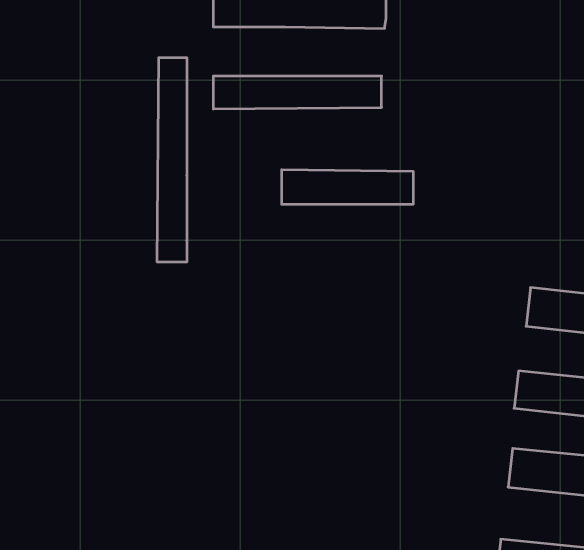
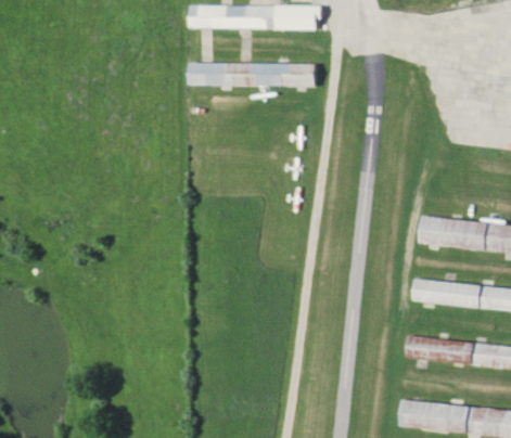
building: [157,58,187,262] -> none
building: [282,170,413,204] -> none

